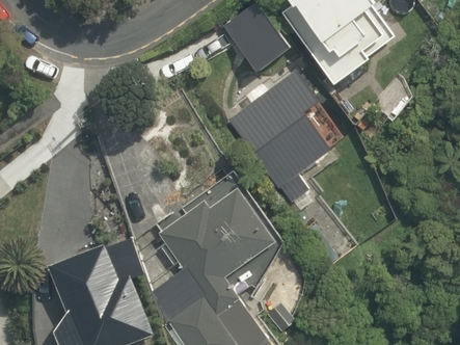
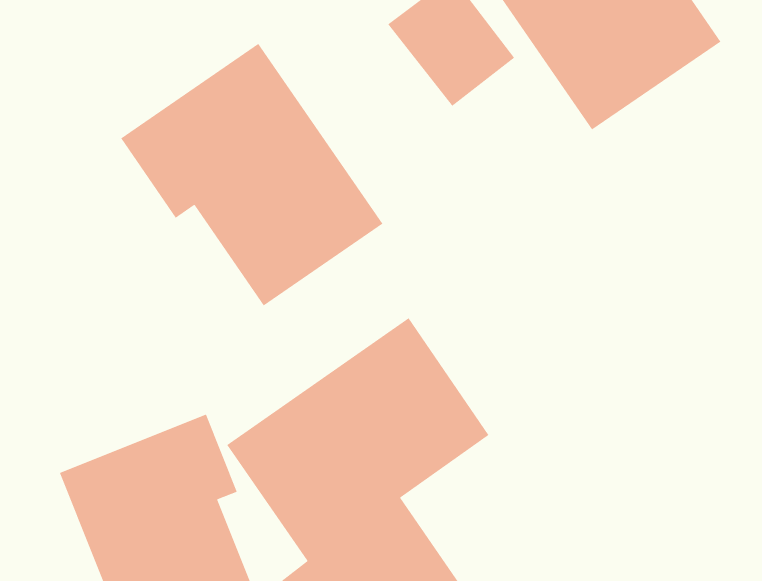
building: none -> [120,43,383,307]
building: [220,58,335,211] -> none

